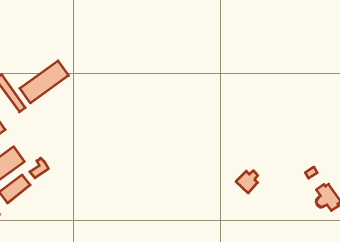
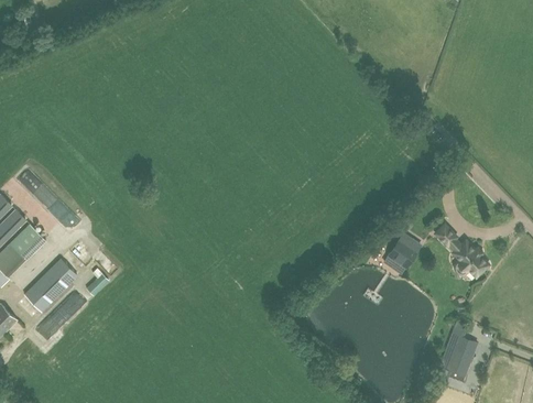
building: [20,61,69,103] -> none
building: [236,171,258,193] -> [388,236,415,265]

